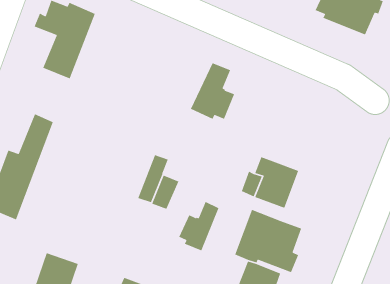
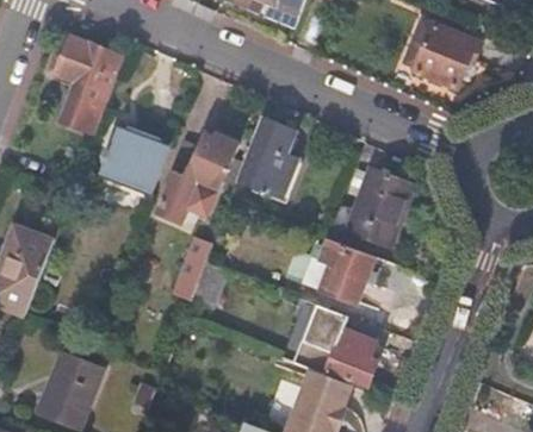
building: none -> [165,127,238,212]
building: none -> [97,129,161,192]
building: none -> [328,168,410,246]
building: [178,201,220,252] -> none

